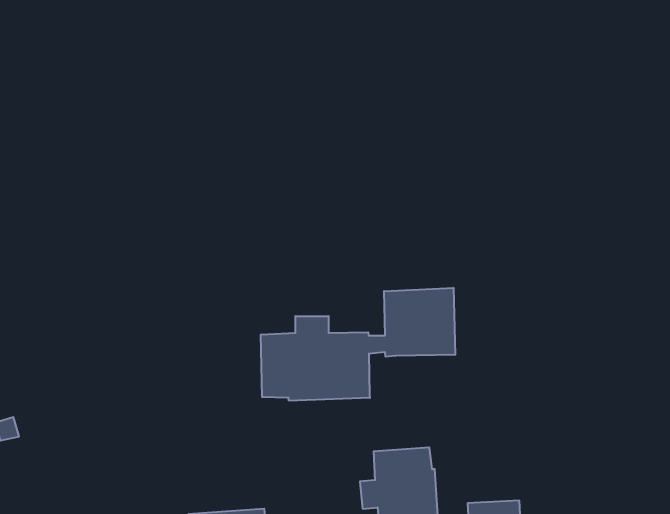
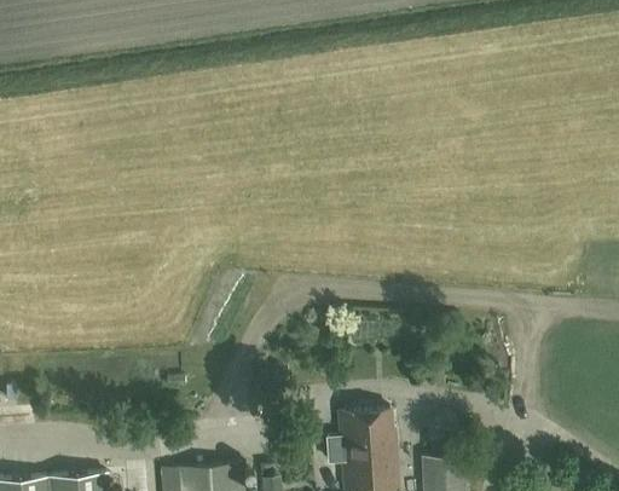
building: [261,288,455,401] -> none

